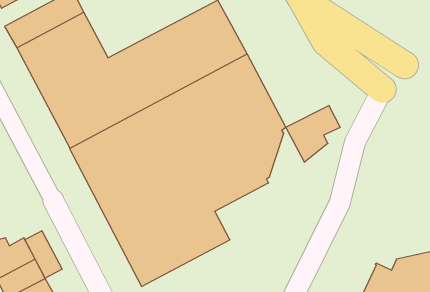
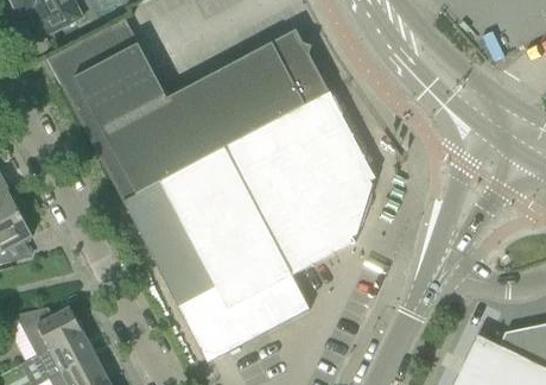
building: [286,105,340,162] -> none
building: [25,231,62,278] -> none

